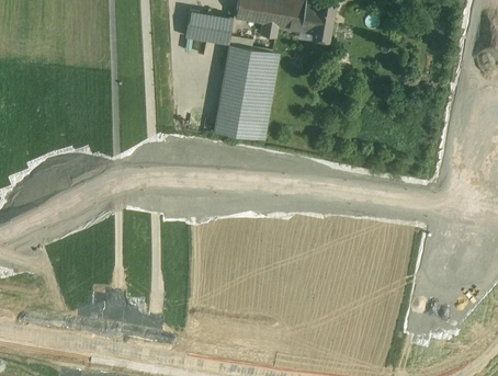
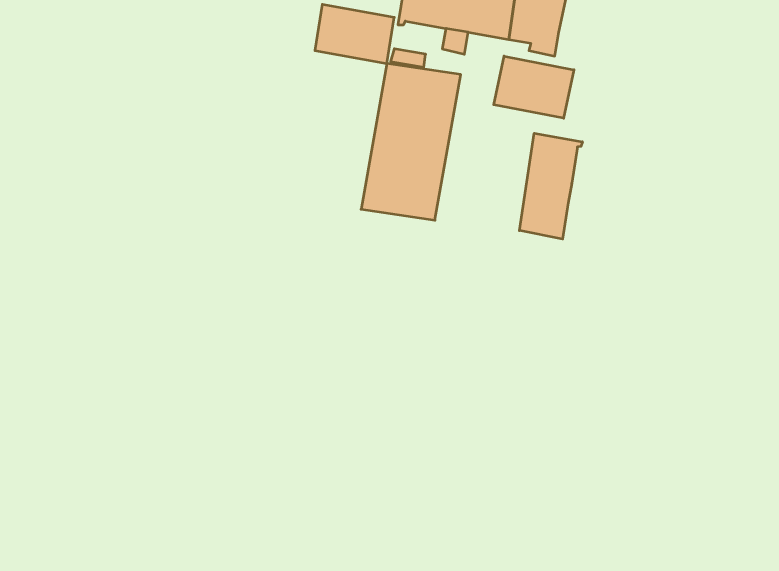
building: none -> [494,56,574,118]
building: none -> [519,133,582,239]

